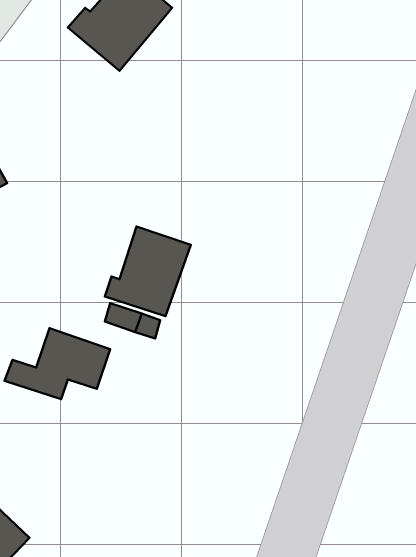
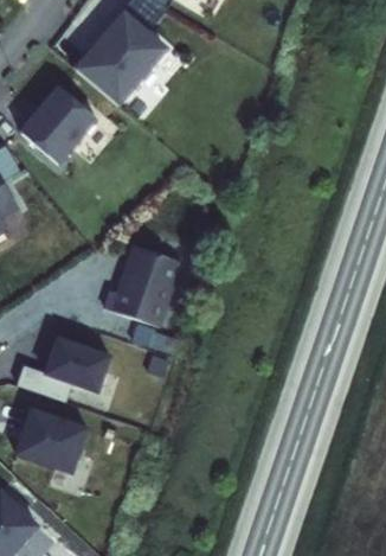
building: none -> [19,88,96,165]
building: none -> [17,408,88,473]

